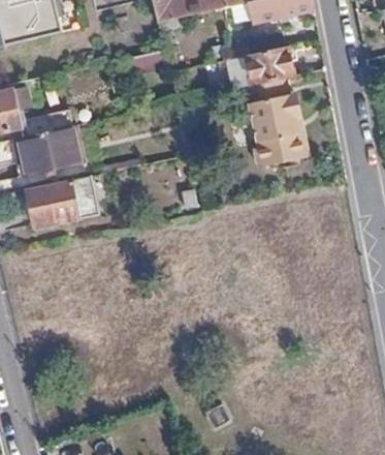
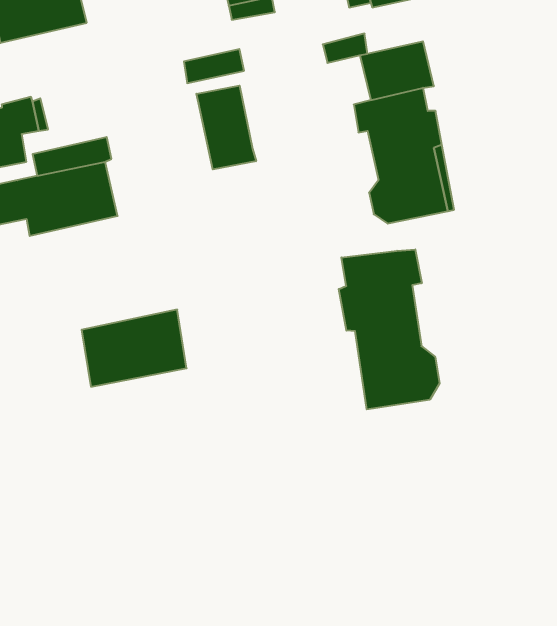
building: none -> [196,86,256,169]
building: [30,174,100,225] -> [82,310,187,387]
building: none -> [339,249,439,409]

